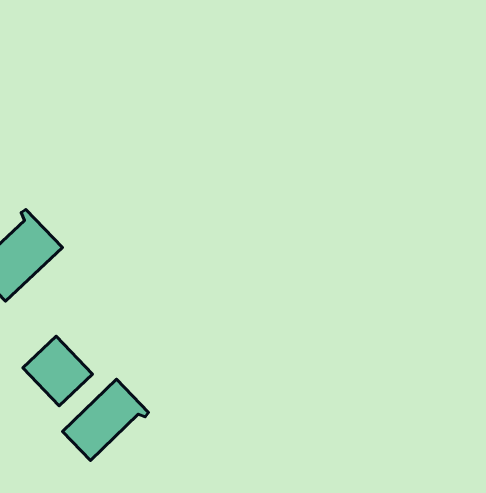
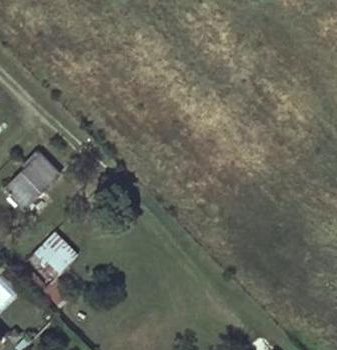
building: [63,379,148,460] -> none

